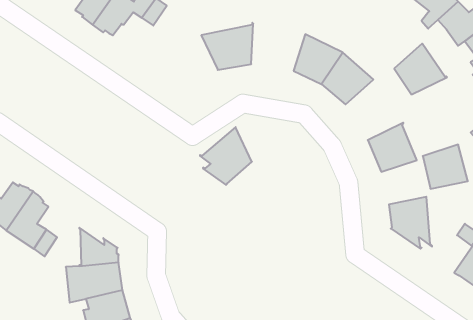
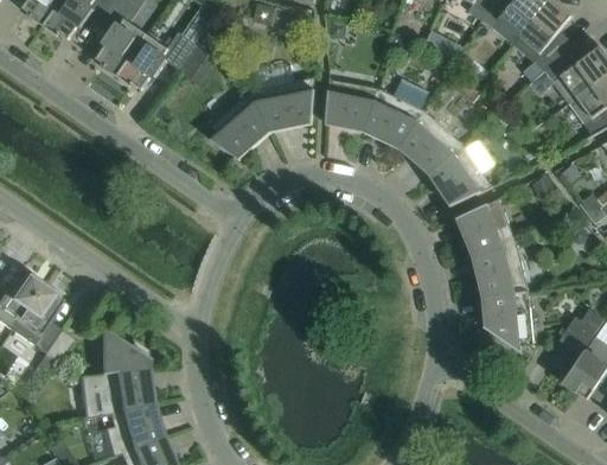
building: none -> [326,76,378,133]
building: [394,44,447,94] -> [428,144,493,206]
building: [200,127,252,185] -> [206,89,270,160]
building: [423,145,468,189] -> [472,243,528,298]

